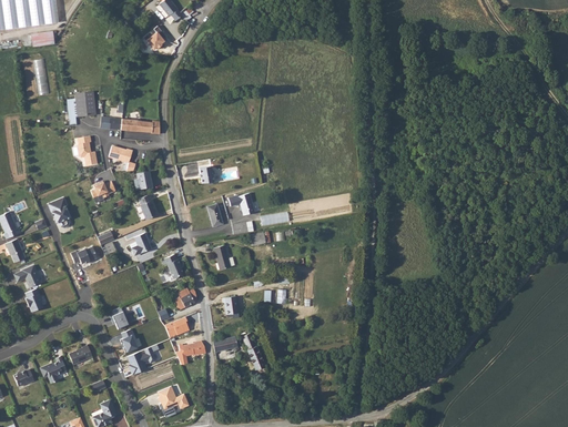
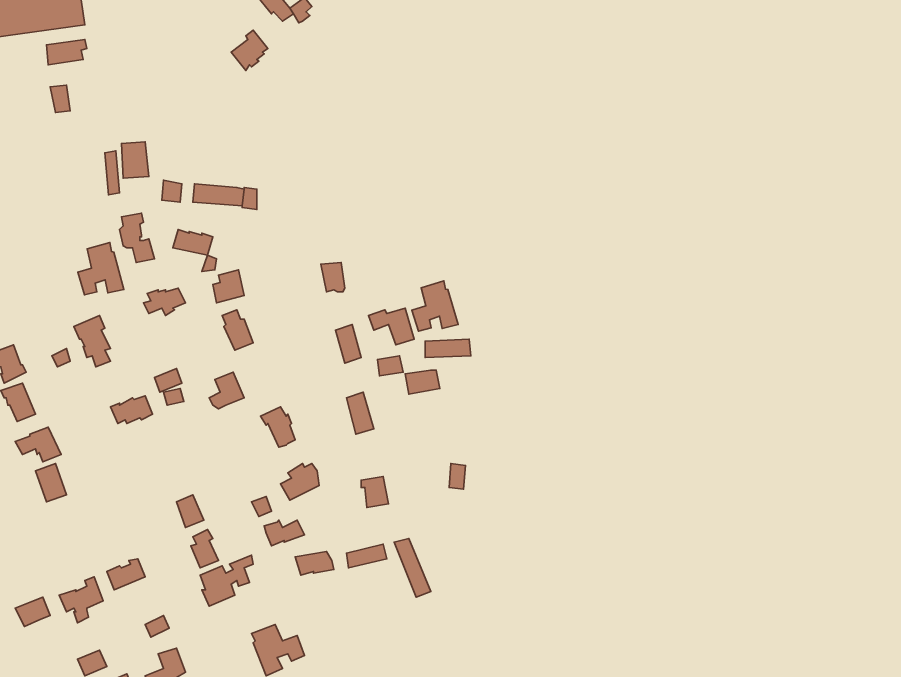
building: none -> [78,243,124,295]
building: none -> [412,281,458,331]

